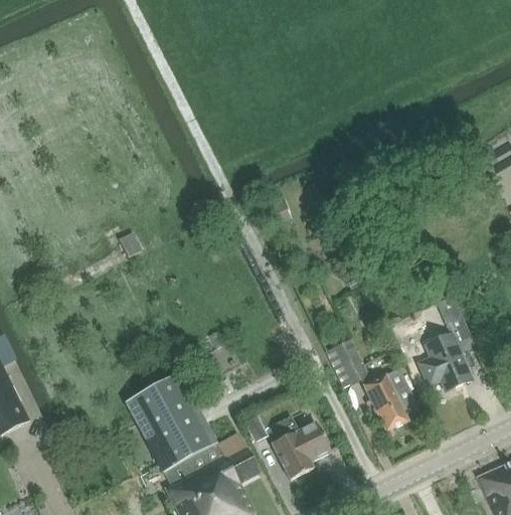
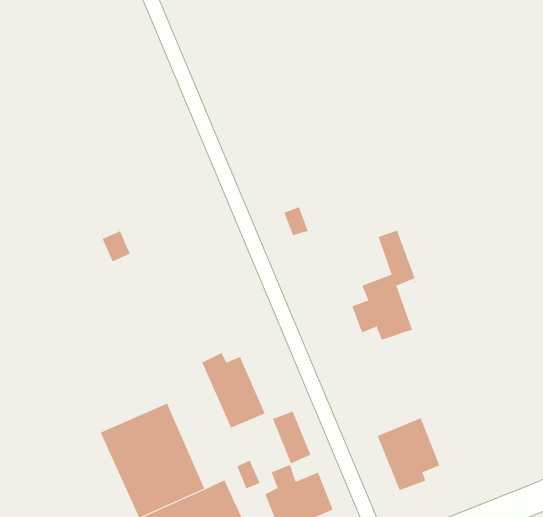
building: [417,297,472,391] -> [352,230,417,341]
building: none -> [201,352,266,429]
building: [332,340,367,385] -> [272,411,311,464]

